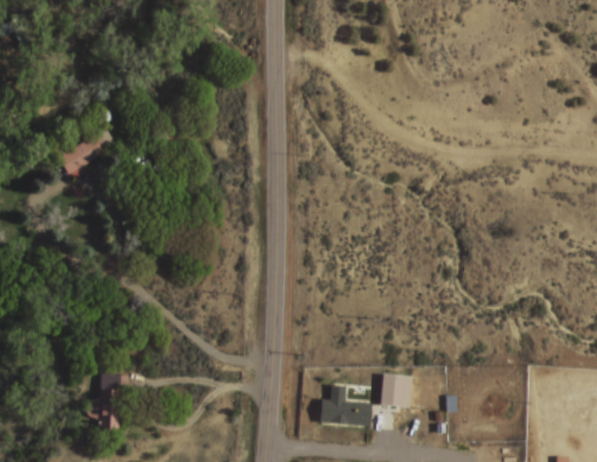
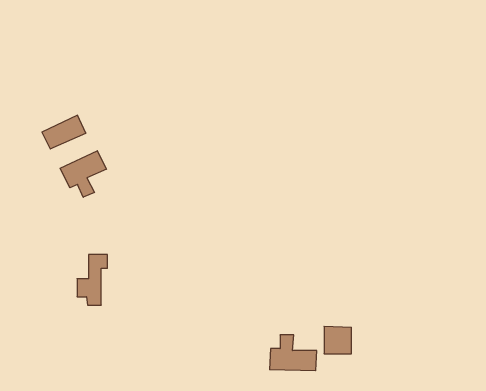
building: none -> [60,151,106,197]
building: [88,372,122,429] -> [77,255,107,305]

